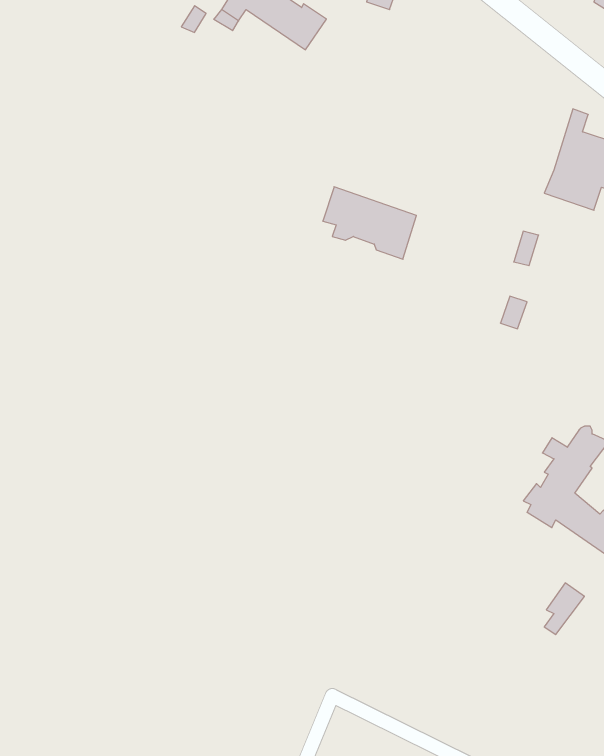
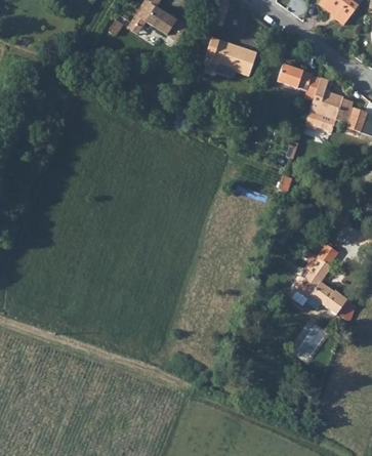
building: none -> [277,61,320,97]
building: [323,187,416,259] -> [207,36,257,75]

